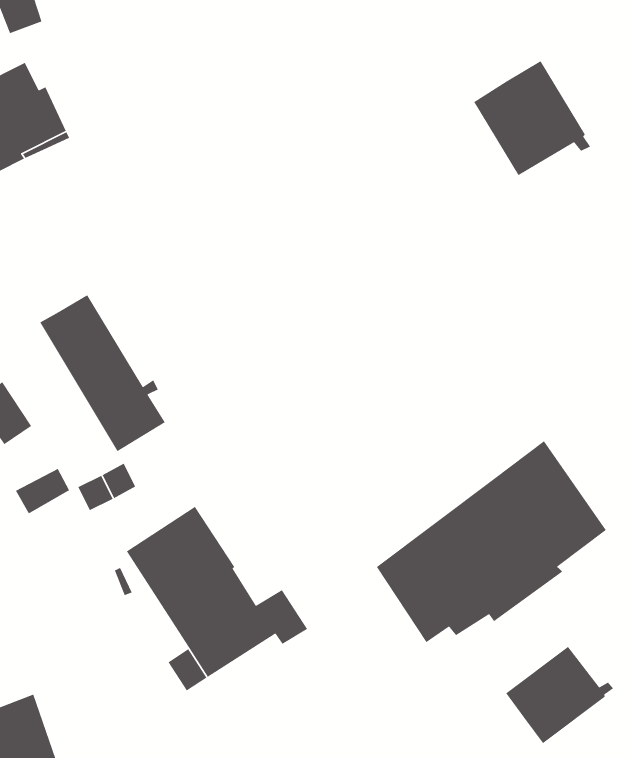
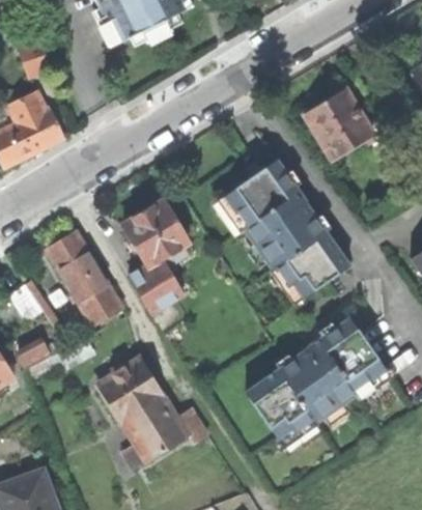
building: none -> [224,161,348,298]
building: none -> [123,200,204,332]
building: [505,646,614,744] -> none

